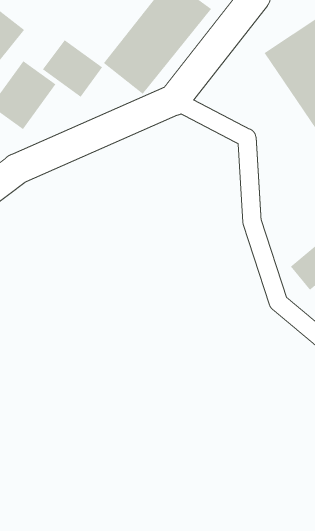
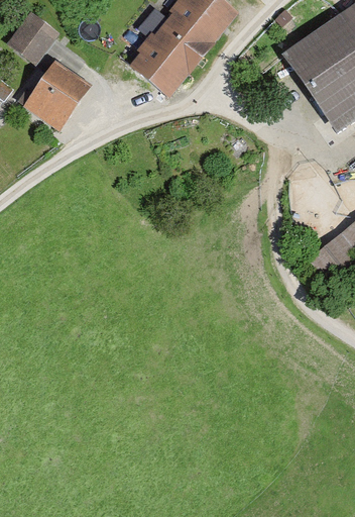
building: [42,39,103,98] -> none

